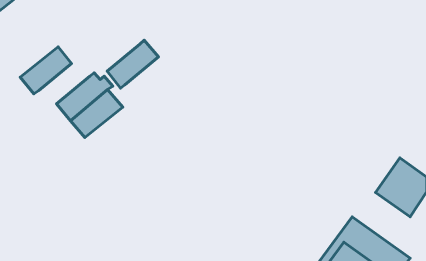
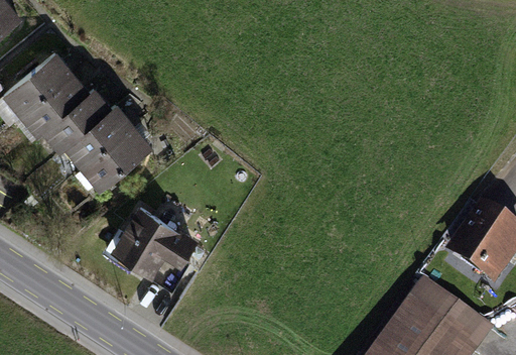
building: none -> [8,54,71,112]
building: [107,40,158,88] -> [47,91,109,148]
building: none -> [114,209,190,272]

